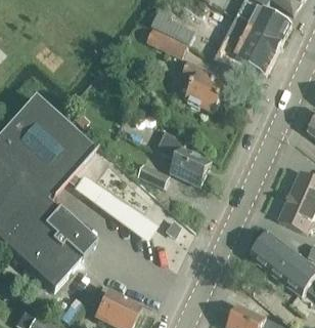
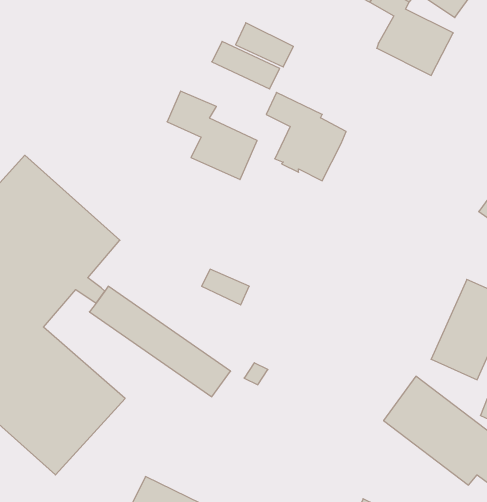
building: [227,24,277,74] -> none
building: [154,130,209,183] -> [167,91,257,180]

